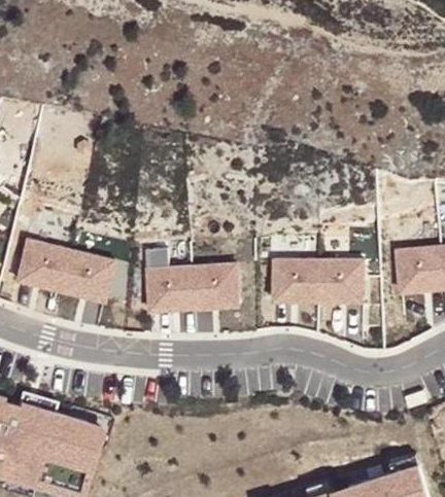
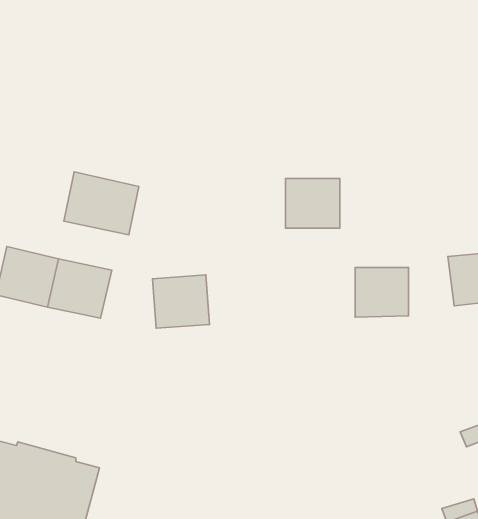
building: none -> [64,172,139,235]
building: [271,259,316,300] -> [285,179,340,228]
building: [192,261,240,307] -> none

